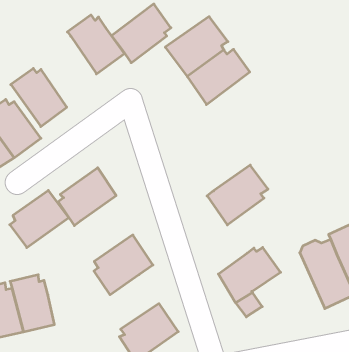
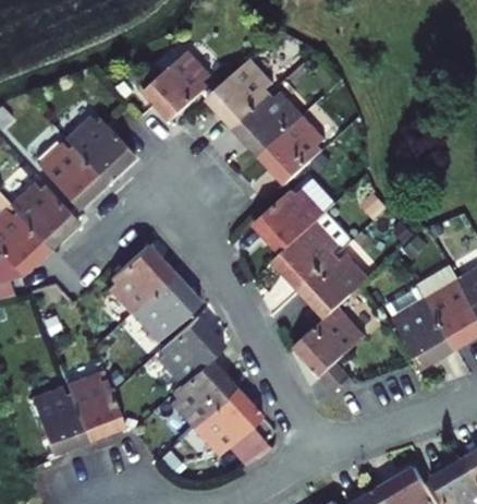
building: [67,15,124,74] -> [62,117,130,182]
building: none -> [258,113,325,183]
building: none -> [255,190,323,253]
building: [10,190,69,248] -> [133,274,198,341]
building: none -> [301,250,371,317]
building: none -> [169,359,236,429]

